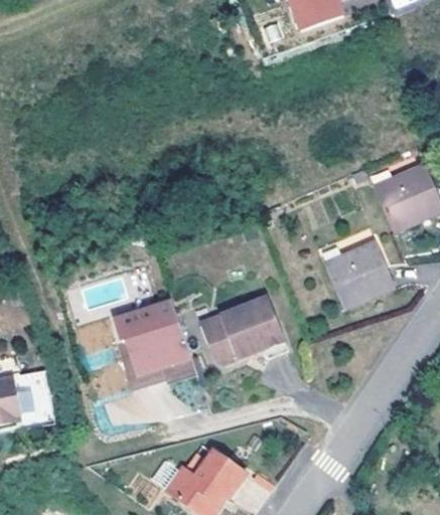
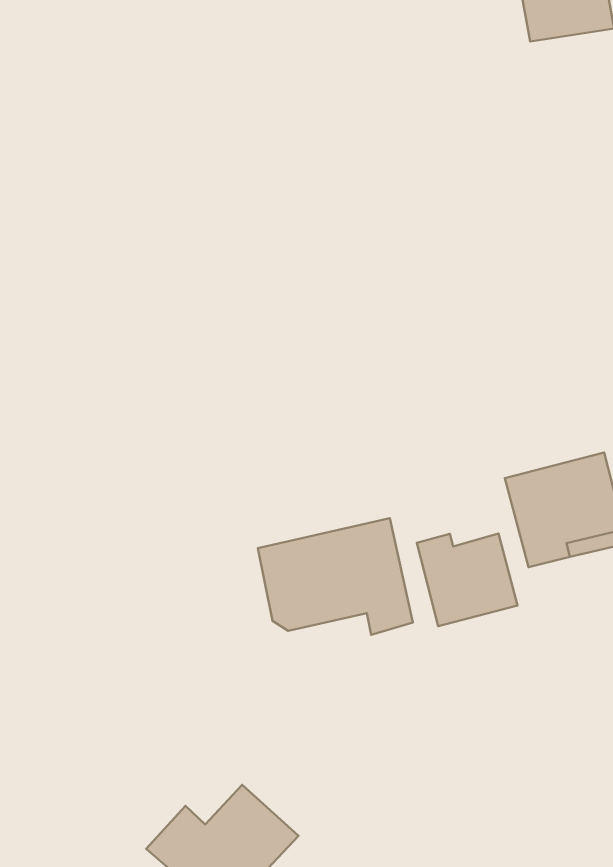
building: none -> [417,534,517,626]
building: [112,301,190,375] -> none

